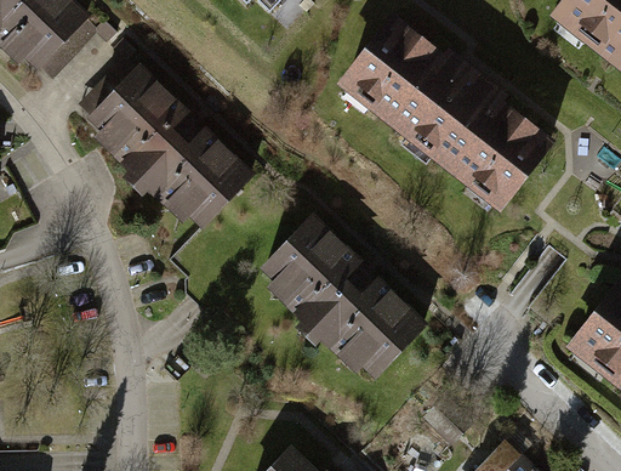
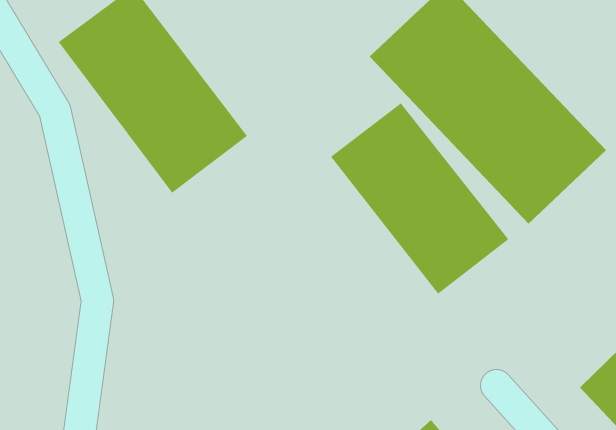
building: [250,211,415,373] -> [330,103,509,295]

